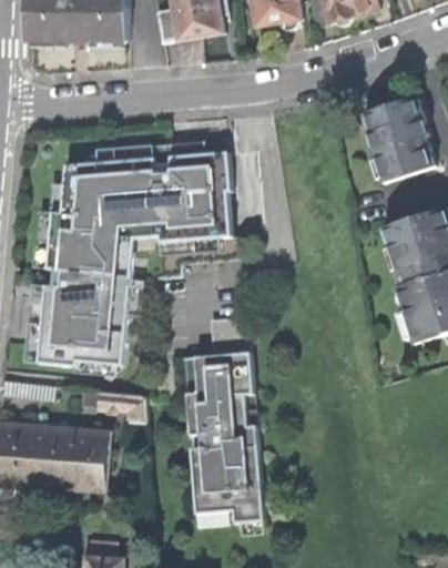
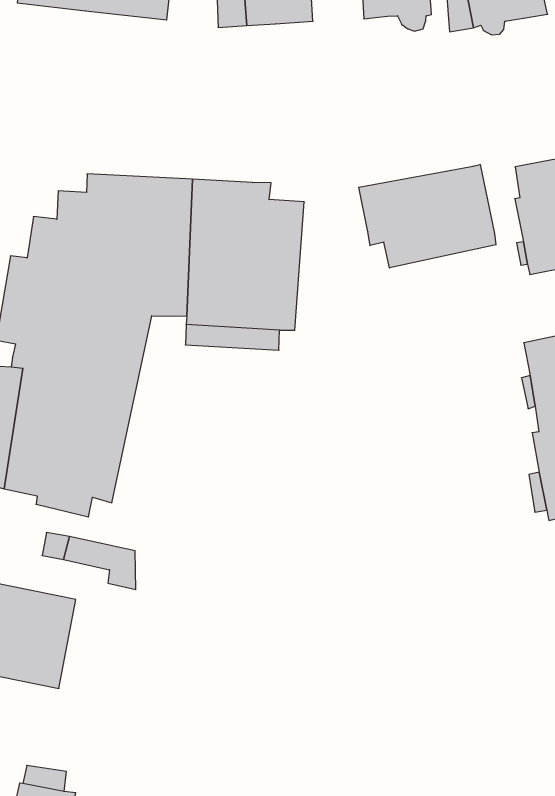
building: none -> [359,164,496,268]
building: [187,351,267,526] -> none

